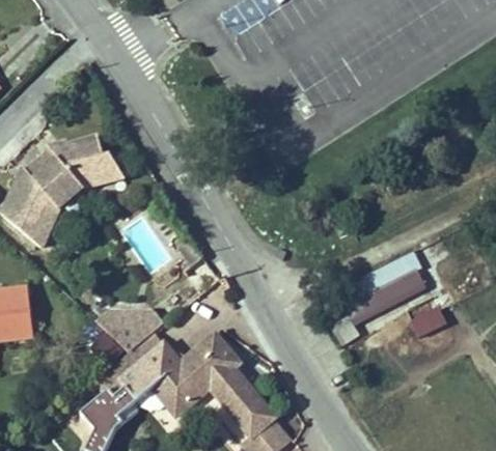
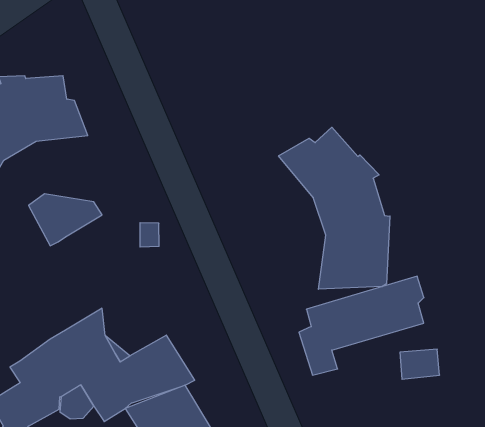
building: none -> [279,127,390,289]
building: [100,309,161,350] -> [29,194,102,246]

